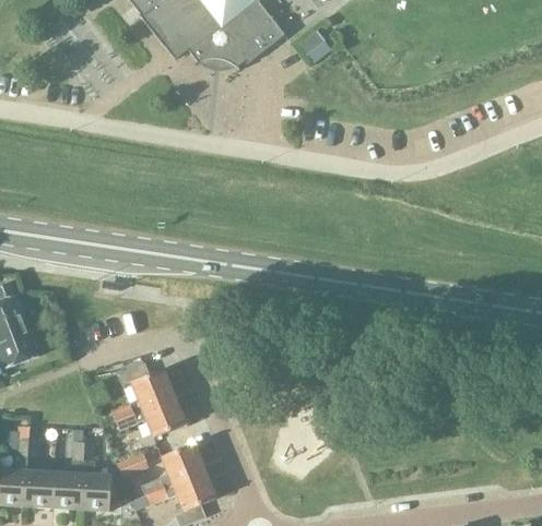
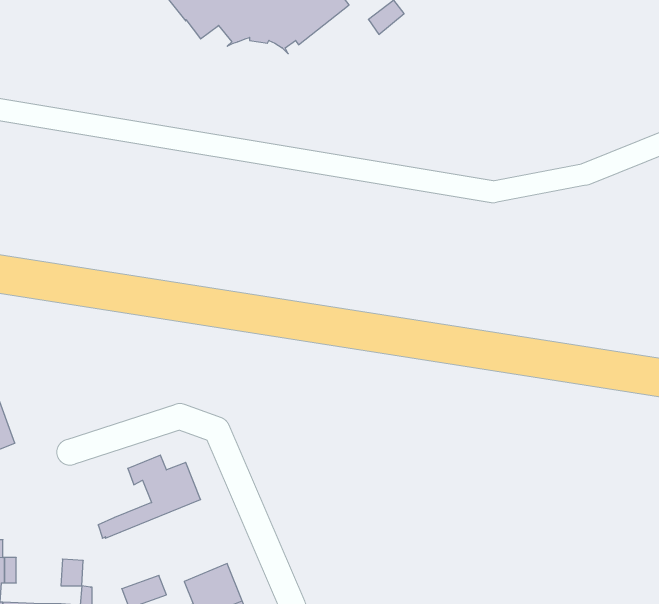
building: [116,396,186,435] -> none

